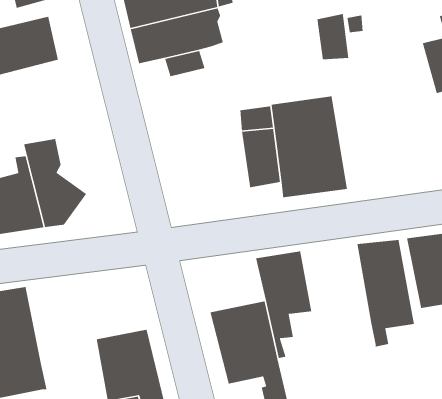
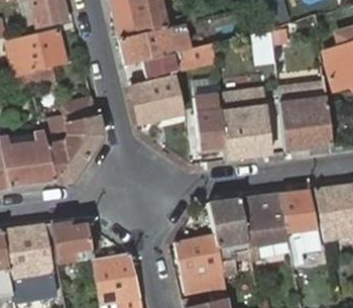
building: none -> [175,42,213,81]
building: none -> [127,72,181,122]
building: none -> [277,81,330,151]
building: none -> [63,97,103,157]
building: none -> [239,192,288,256]
building: none -> [50,218,94,262]

